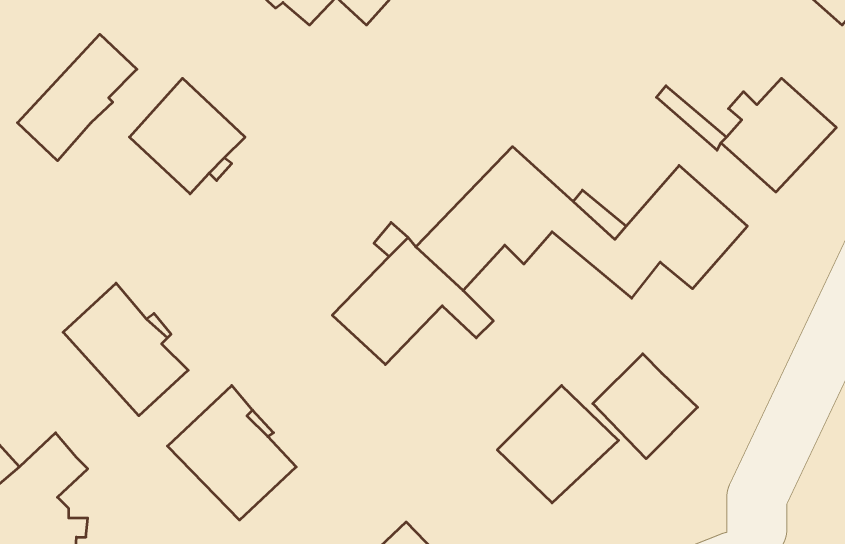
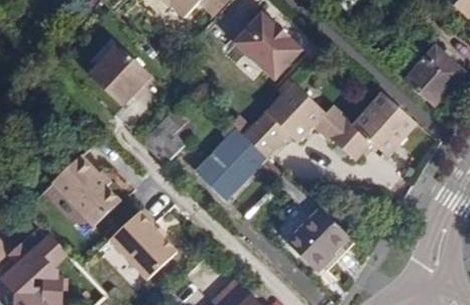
building: none -> [227,9,295,75]
building: [17,34,137,161] -> none
building: none -> [140,108,187,165]
building: [593,354,698,459] -> none

